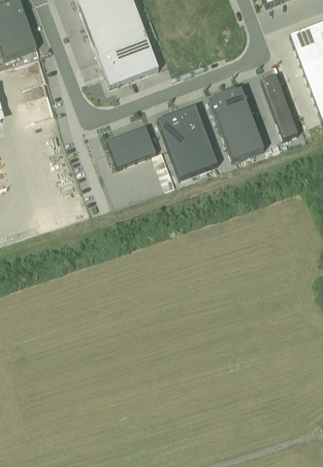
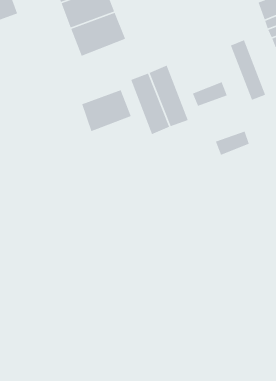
building: [208,87,252,130] -> none
building: [226,133,263,160] -> [215,131,250,156]

